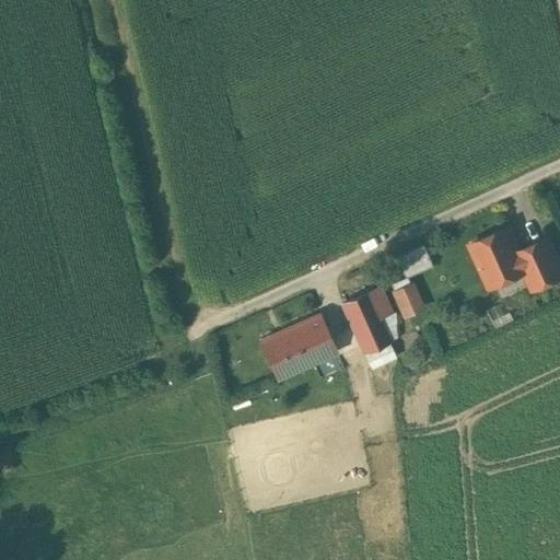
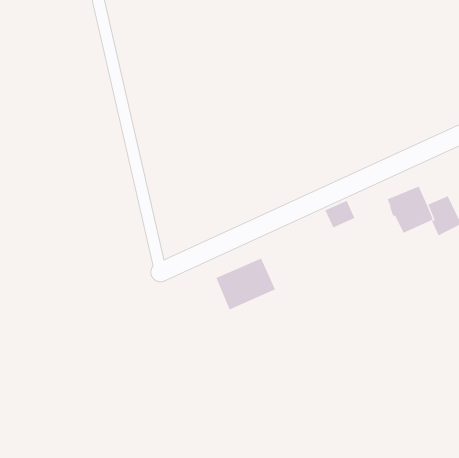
building: [393,284,427,320] -> none
building: [342,290,394,357] -> none

